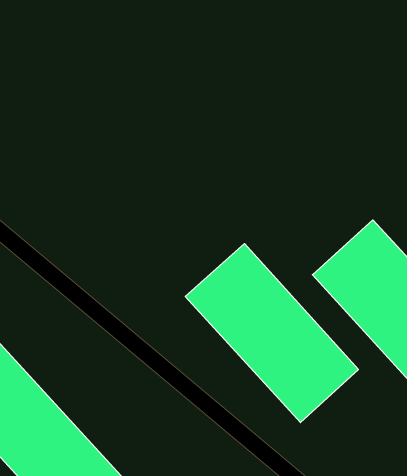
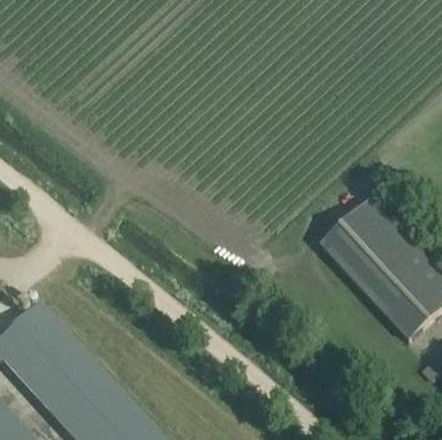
building: [185,244,358,423] -> none

